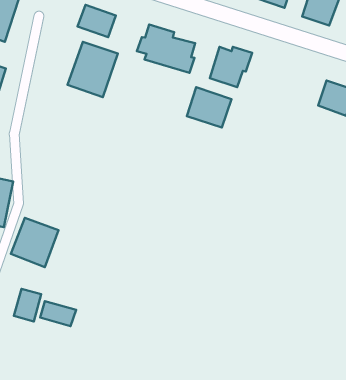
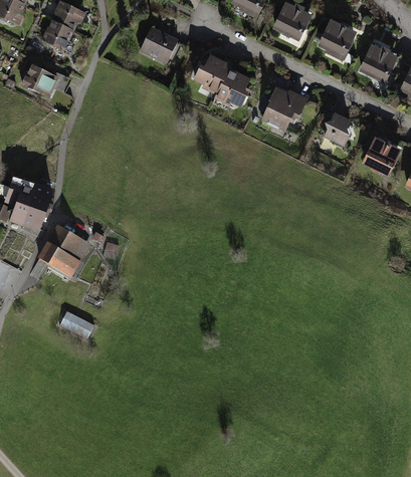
building: [68,42,118,97] -> none
building: none -> [325,113,352,146]
building: [187,87,231,127] -> none
building: [14,289,41,322] -> none

